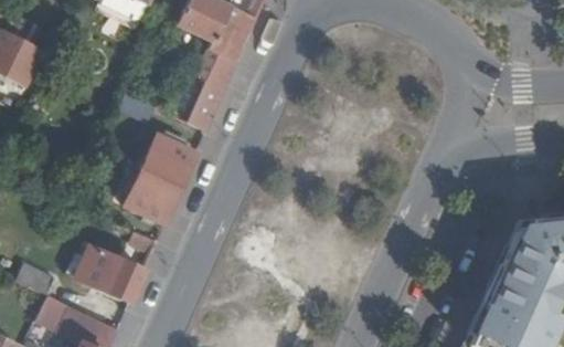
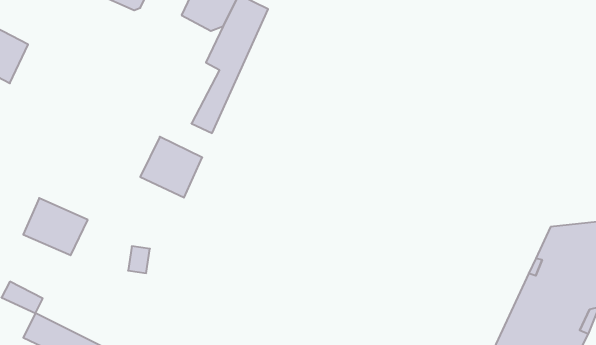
building: [126,171,182,225] -> none
building: [87,252,146,304] -> [23,198,88,255]

